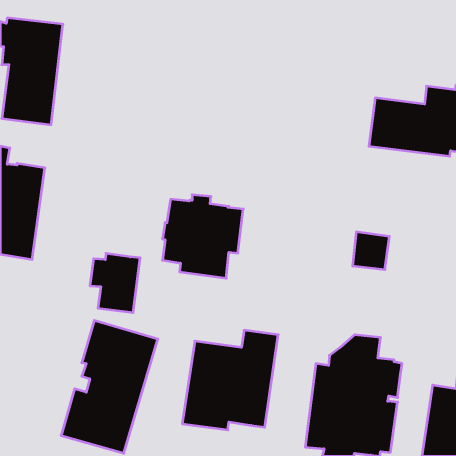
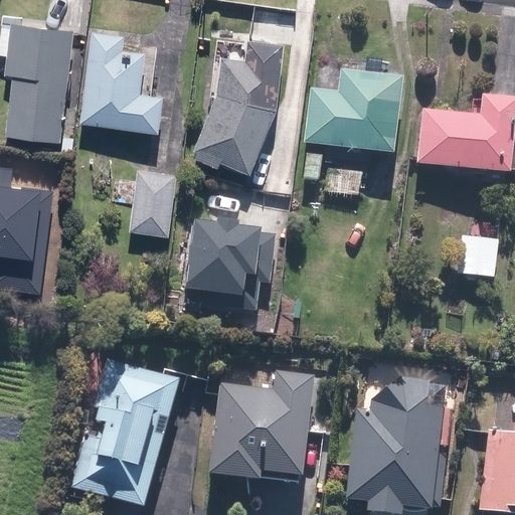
building: none -> [80,29,162,131]
building: none -> [192,37,283,171]
building: none -> [304,70,402,155]
building: [353,232,389,270] -> [458,235,499,278]
building: [90,253,140,313] -> [121,167,177,233]

